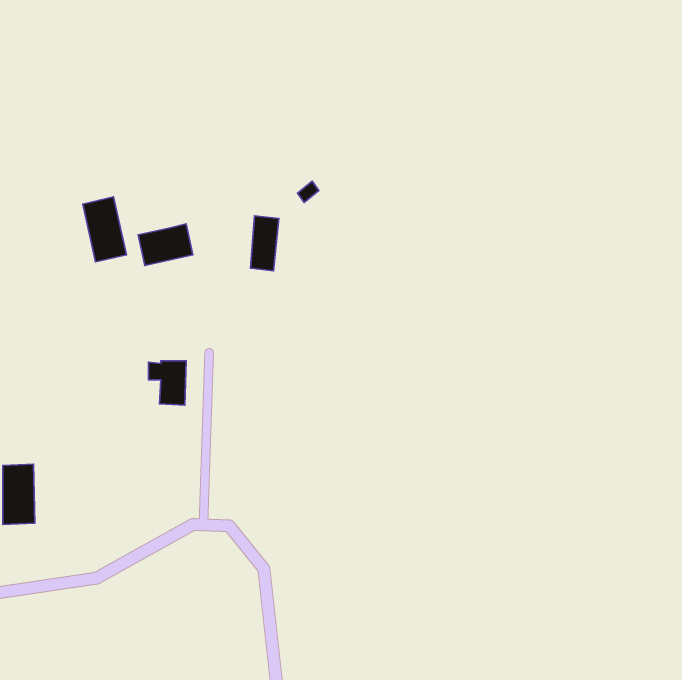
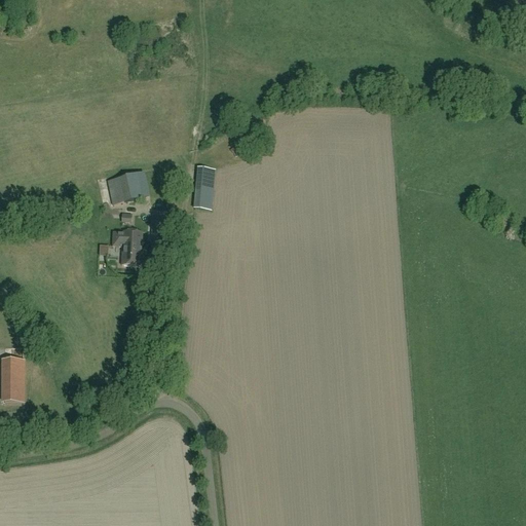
building: [83,197,126,262] -> none
building: [149,361,186,405] -> [111,230,140,264]

